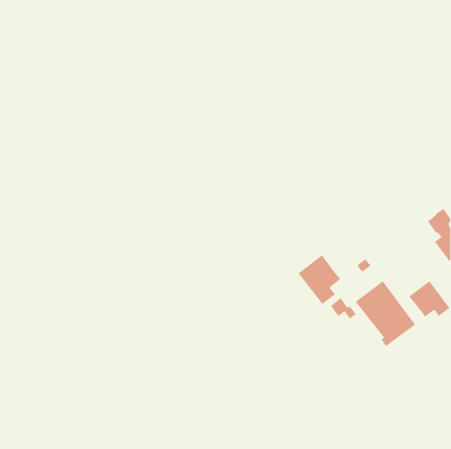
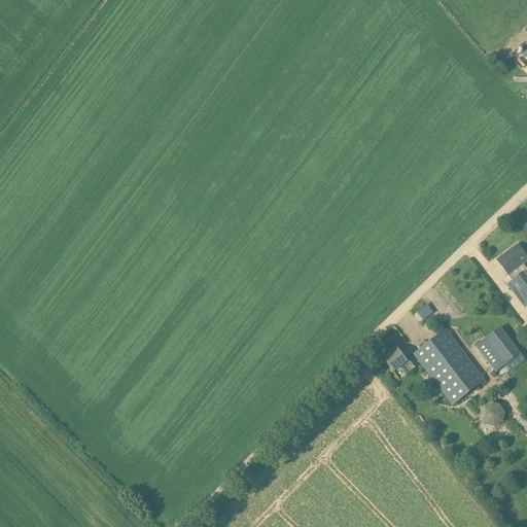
building: [298,255,341,305] -> none
building: none -> [480,400,504,425]

